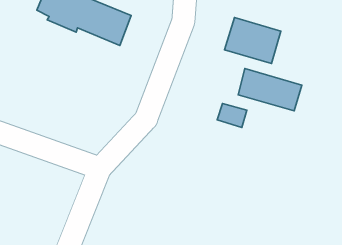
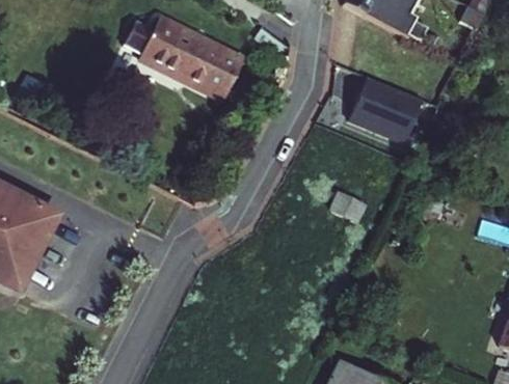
building: [238,68,302,111] -> none

